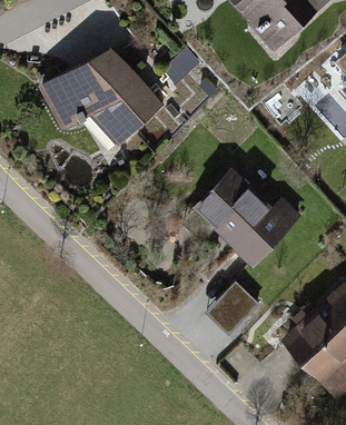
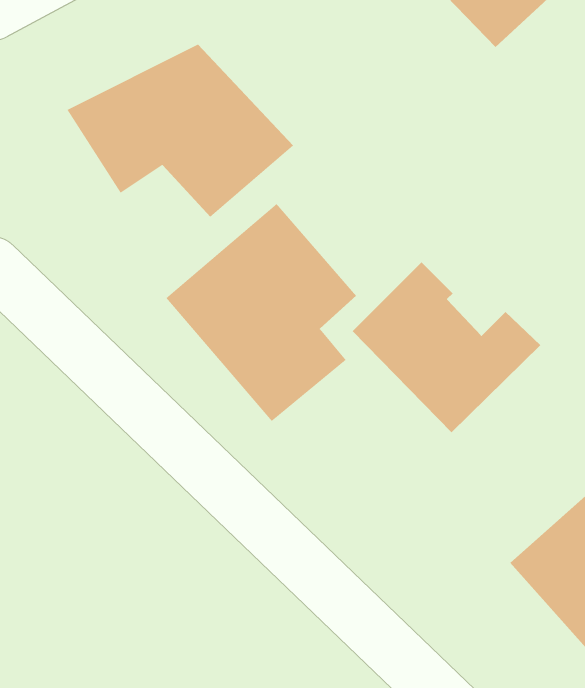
building: none -> [166,203,357,422]
building: [210,280,257,328] -> none

